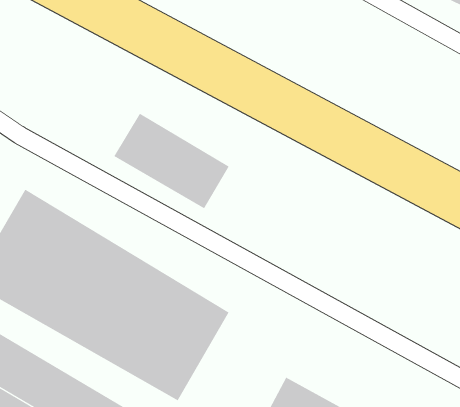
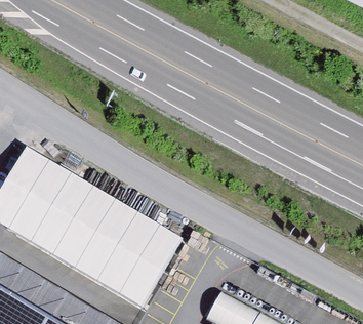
building: [113,113,230,209] -> none

